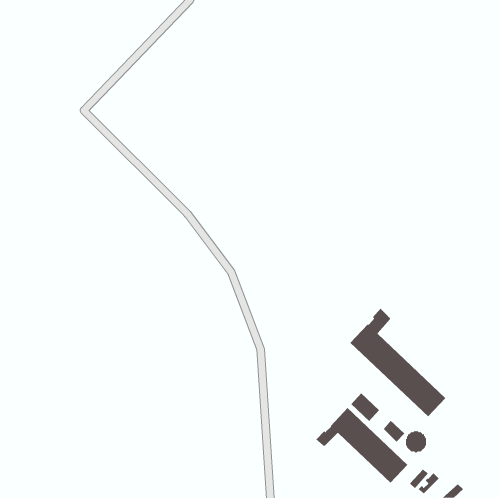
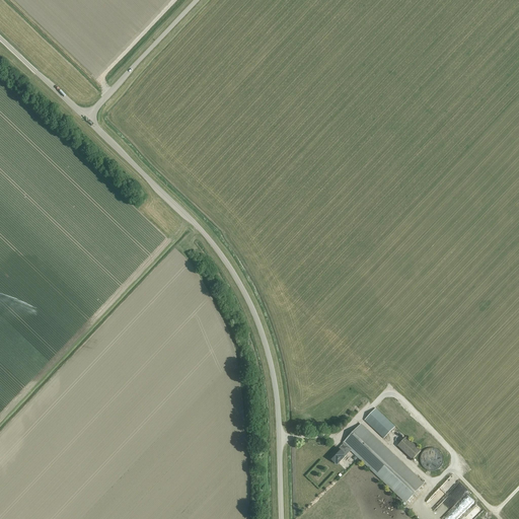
building: [350,308,446,417] -> none

